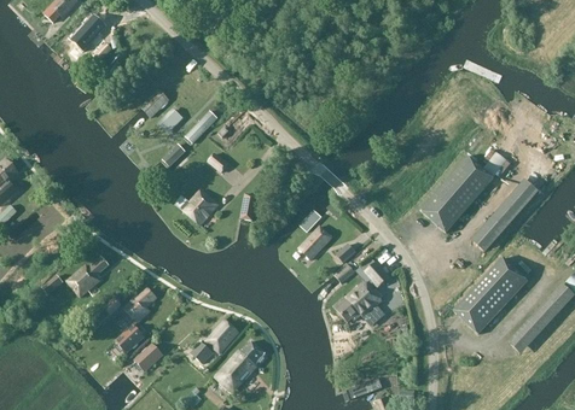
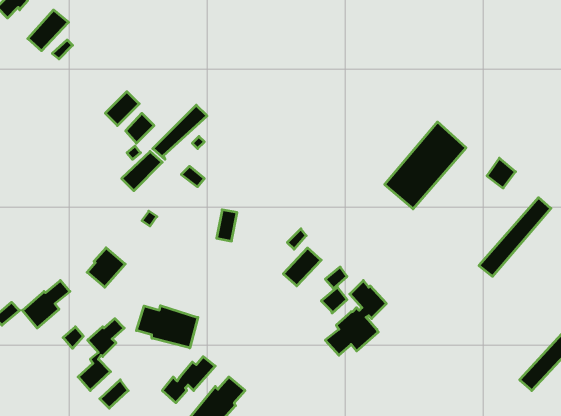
building: [419,156,492,233] -> [385,122,466,209]
building: [184,191,217,226] -> [87,248,125,287]
building: [452,258,527,334] -> none
building: none -> [136,306,198,348]

